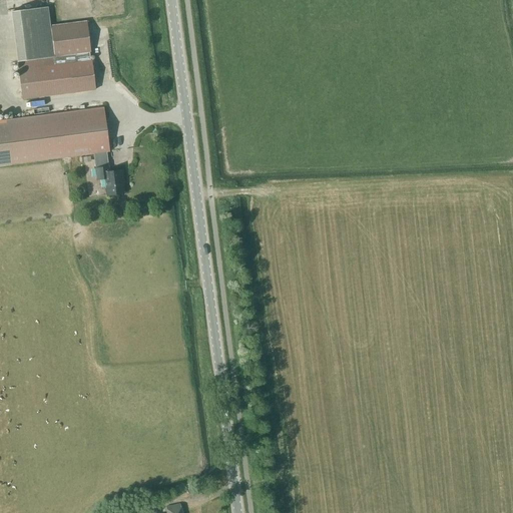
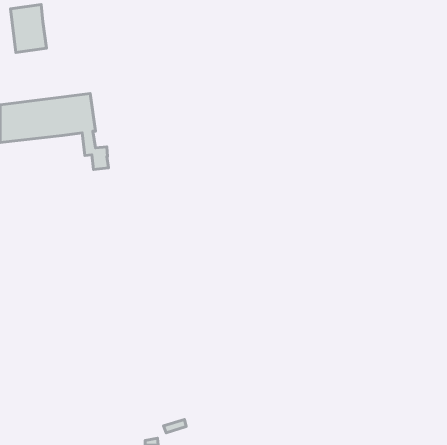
building: [18,20,95,97] -> none

